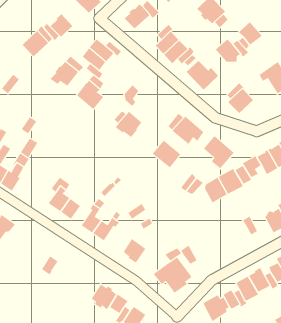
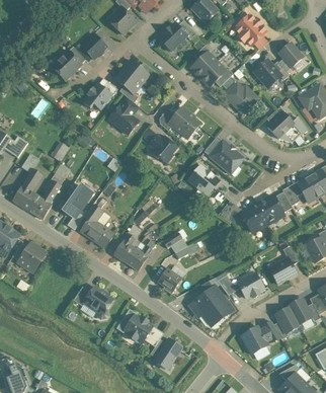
building: none -> [169,106,199,138]
building: [203,135,234,169] -> none
building: none -> [59,182,92,221]
building: none -> [269,257,297,284]
building: none -> [238,272,263,298]
building: none -> [84,287,112,318]

